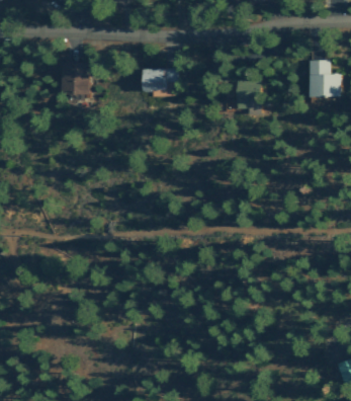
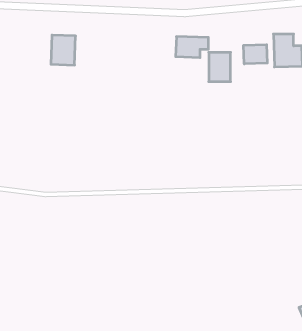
building: [142,70,178,93] -> [176,37,208,58]
building: none -> [244,45,267,64]

